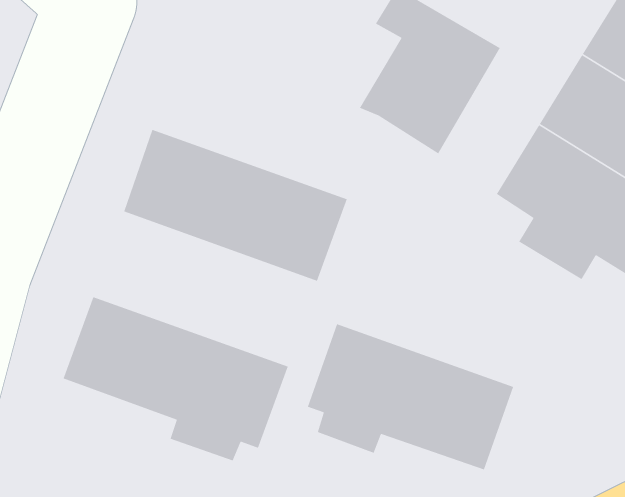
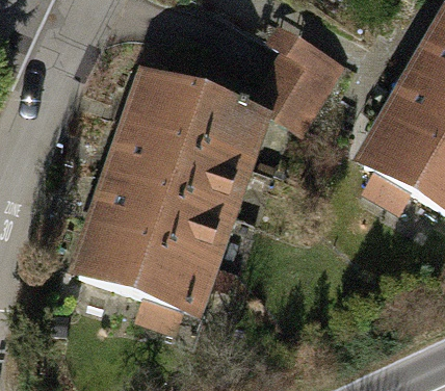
building: none -> [125,59,272,159]
building: none -> [86,167,233,268]
building: [307,323,514,471] -> none

